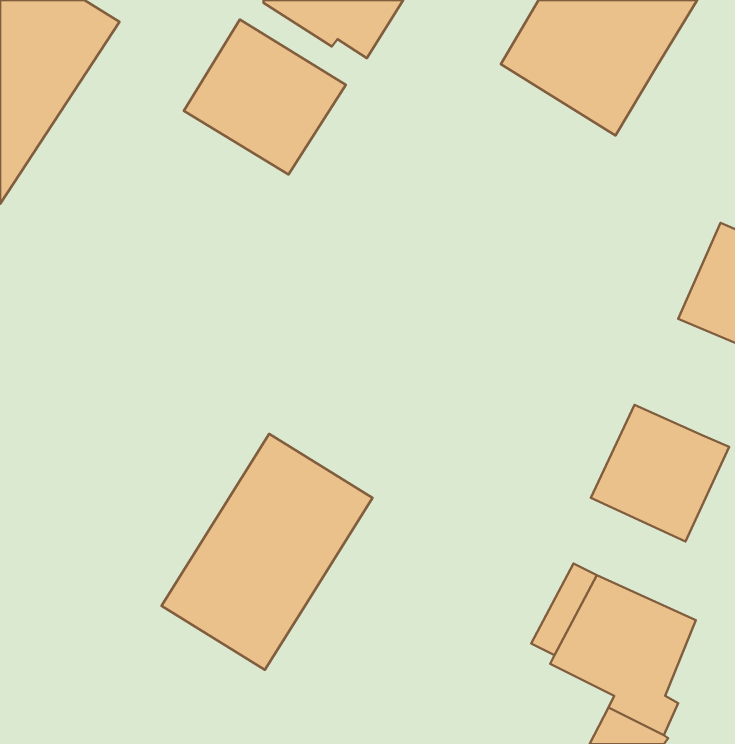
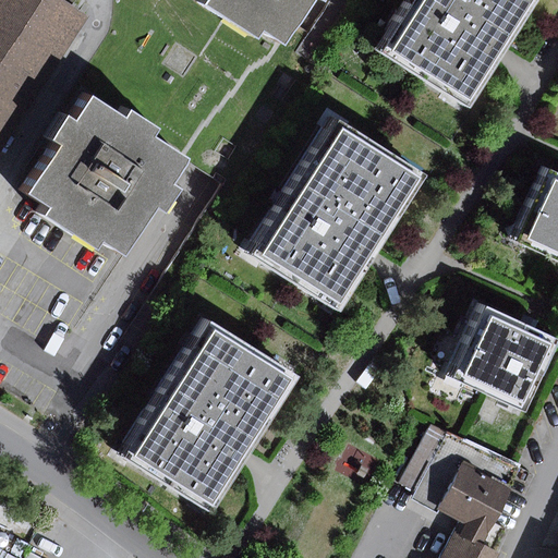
building: [184,20,346,175] -> none
building: none -> [28,94,185,252]
building: none -> [254,120,416,302]

